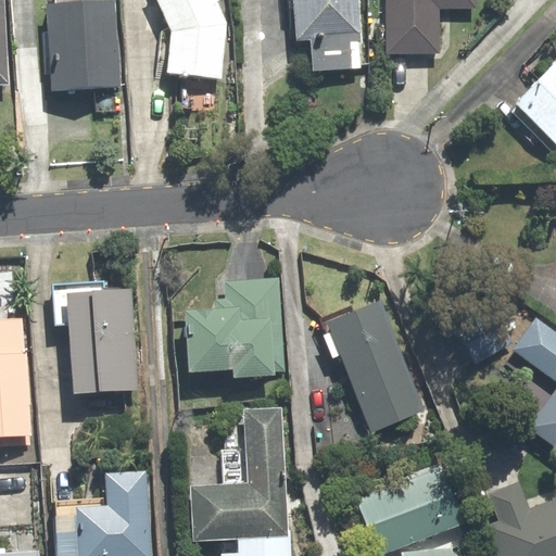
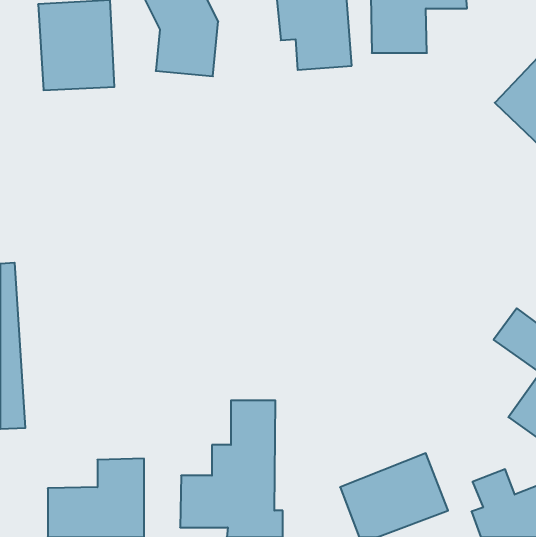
building: [52,280,138,397] -> none
building: [179,280,283,379] -> none
building: [323,299,427,434] -> none

